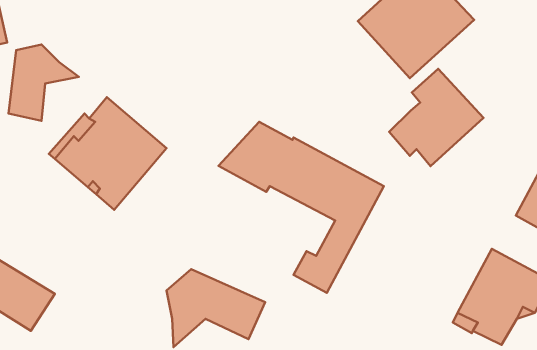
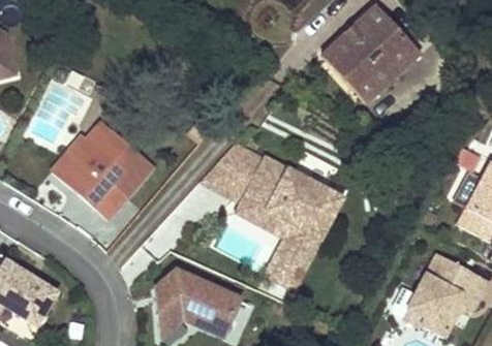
building: [9,45,79,121] -> none
building: [389,69,483,166] -> none
building: none -> [236,197,301,258]

